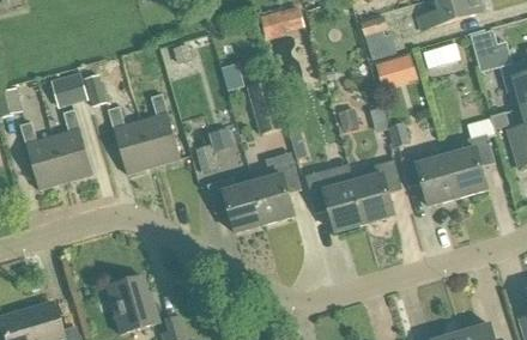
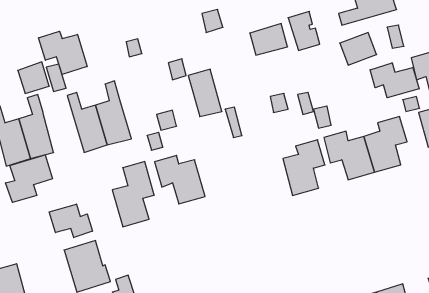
building: none -> [39,31,87,74]
building: [371,48,414,84] -> [250,24,288,55]
building: none -> [370,63,419,98]
building: [253,150,301,224] -> [112,162,154,227]
building: [307,176,364,231] -> none
building: none -> [6,155,53,202]
building: none -> [49,204,92,238]

